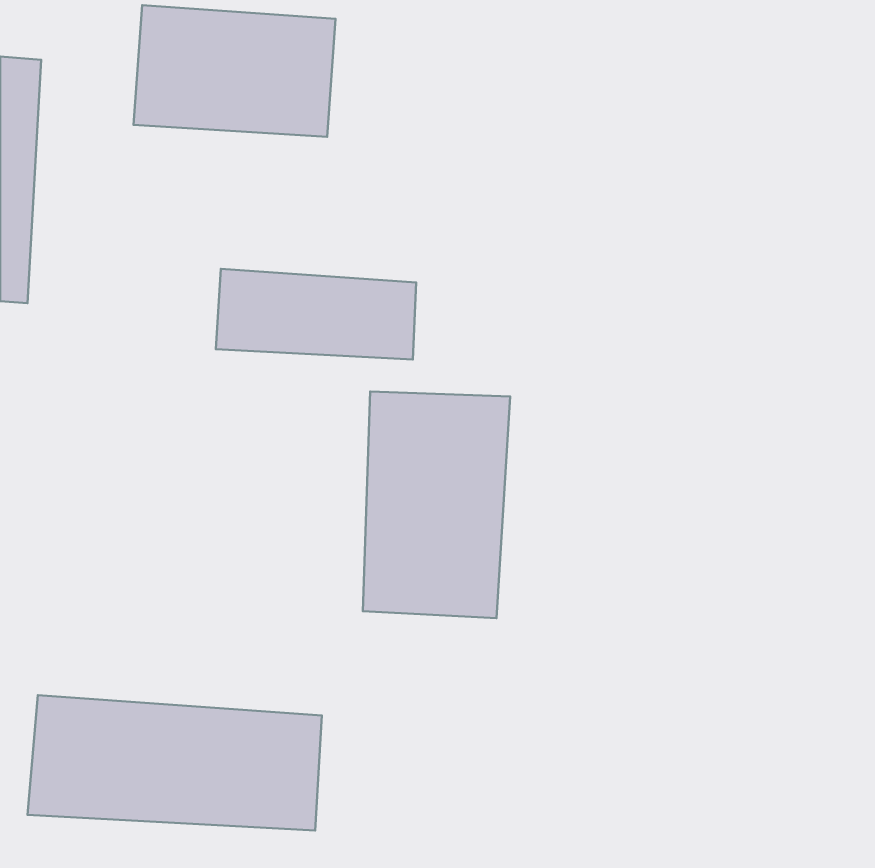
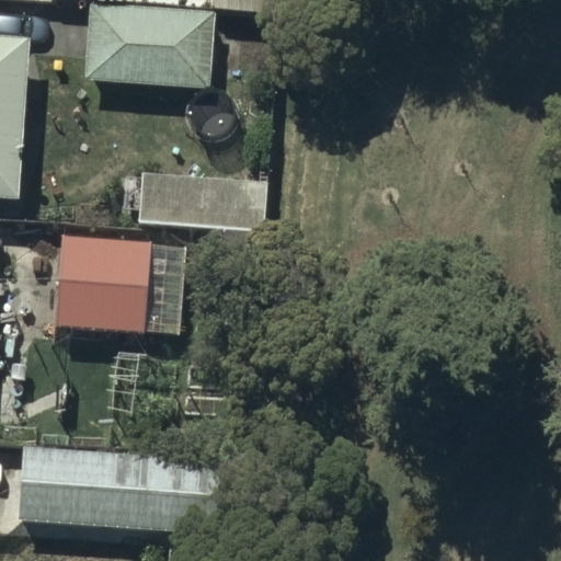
building: none -> [56,233,150,333]
building: [363,392,510,618] -> none

